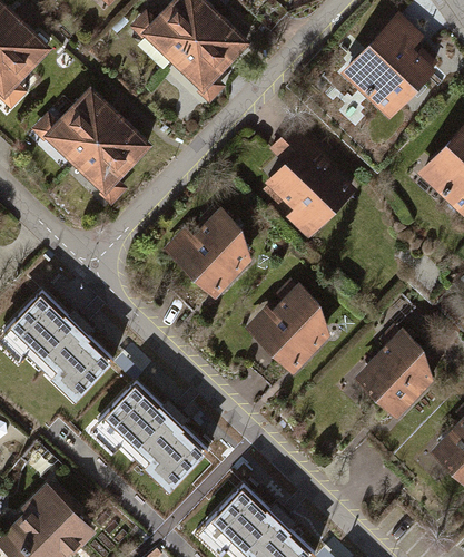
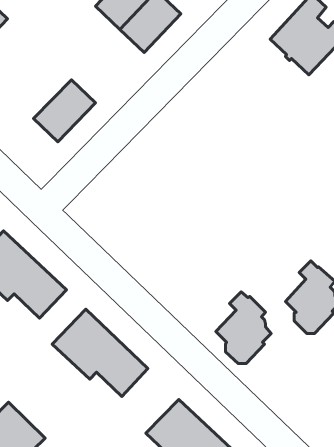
building: [48,92,119,164] -> none
building: [265,128,347,222] -> none
building: [182,208,247,291] -> none
building: [261,283,325,365] -> [216,292,271,363]

